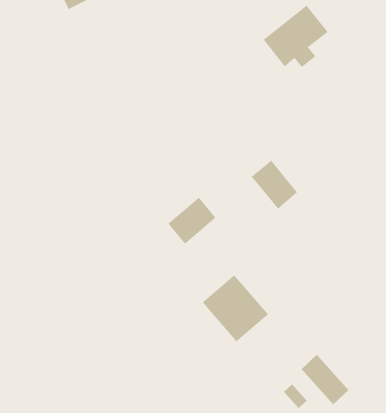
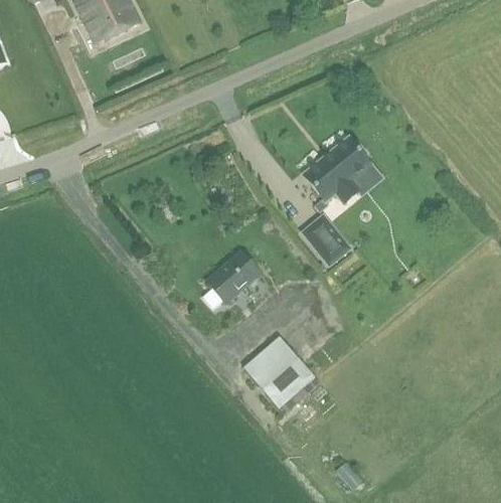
building: [263,5,329,68] -> [300,134,373,204]
building: [301,354,349,405] -> none

